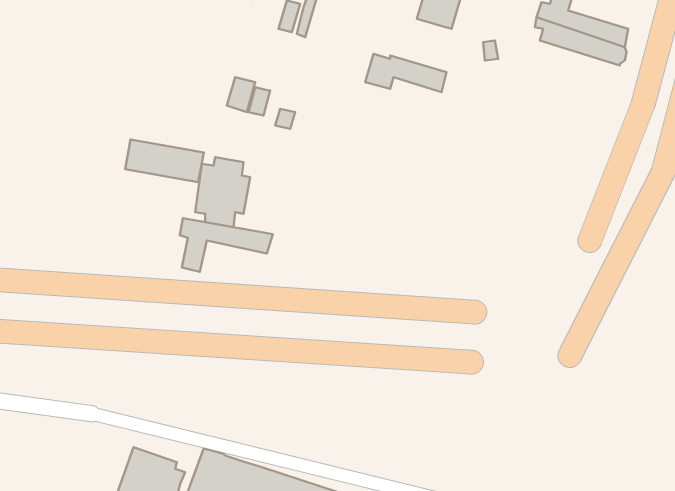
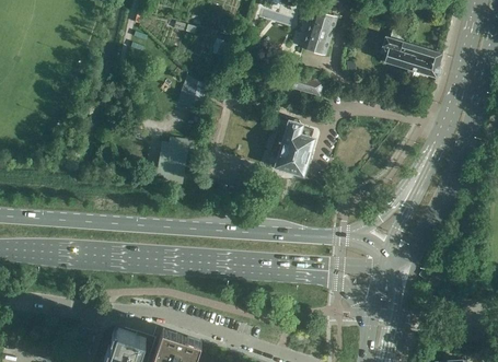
building: none -> [269,122,312,175]
building: [125,139,204,182] -> none
building: [180,218,273,272] -> none

